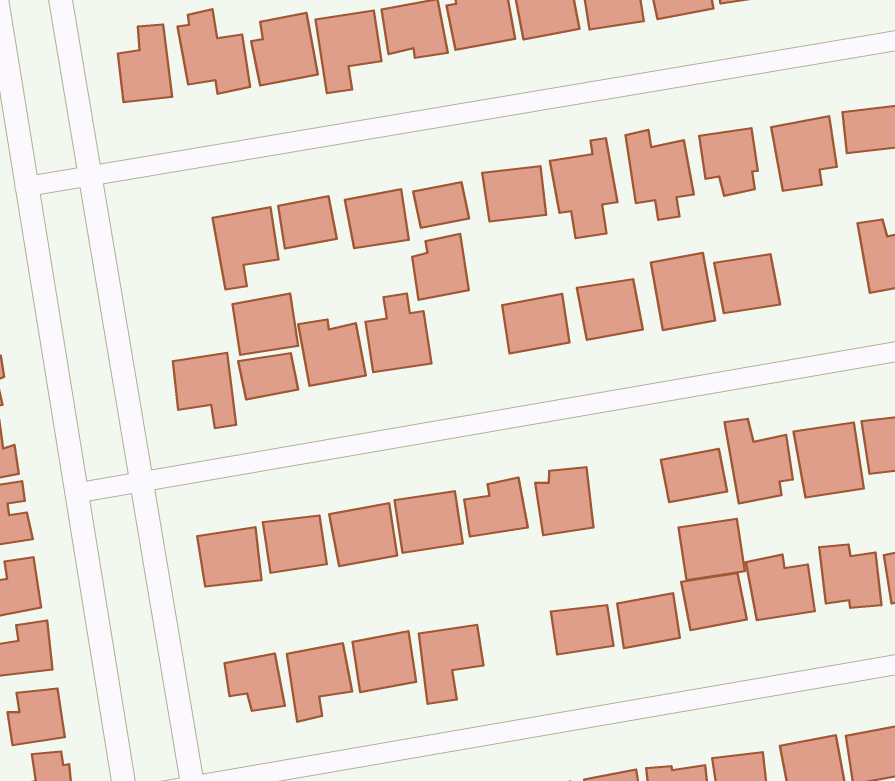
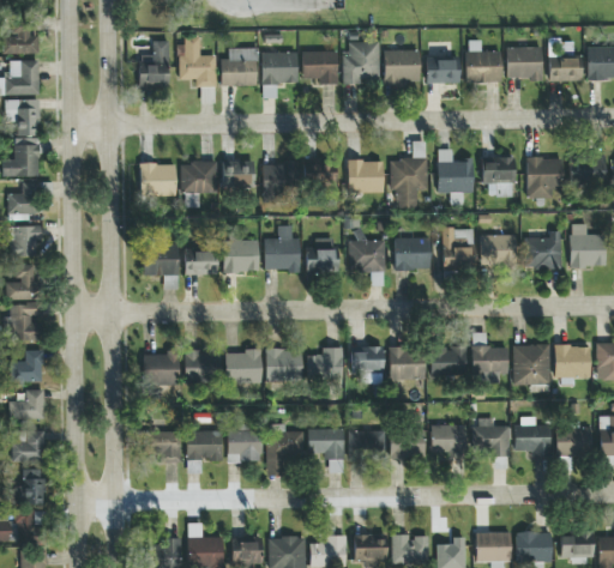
building: [412,234,469,300] -> [306,237,337,273]
building: none -> [525,231,561,270]
building: [232,293,298,355] -> [139,163,175,195]
building: [679,519,745,580] -> [389,346,425,379]
building: none -> [308,428,343,472]

